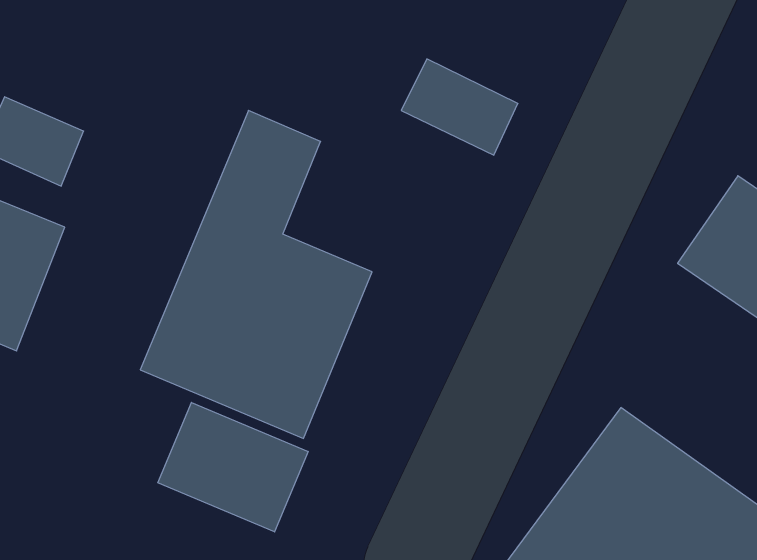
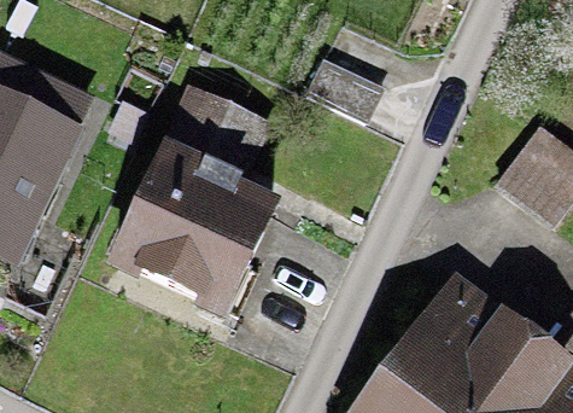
building: [158,402,308,532] -> none

